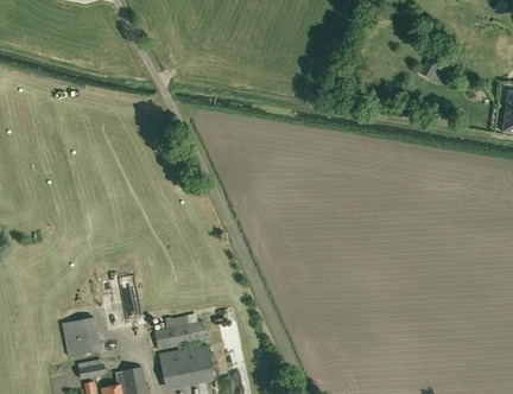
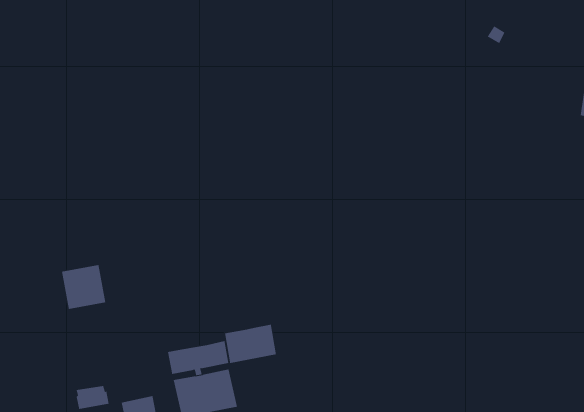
building: none -> [225,324,276,364]
building: [63,317,101,355] -> [61,265,106,310]

